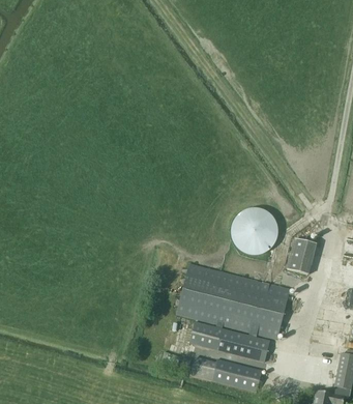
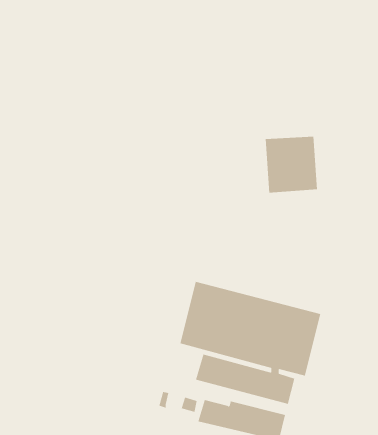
building: [238,207,281,253] -> [265,136,318,193]
building: [287,238,315,275] -> none

